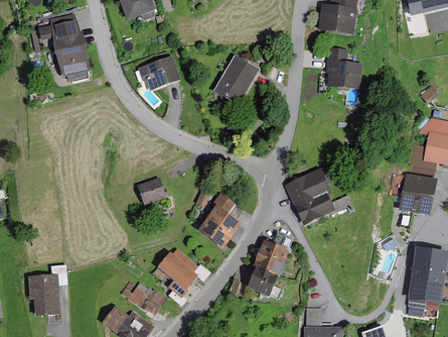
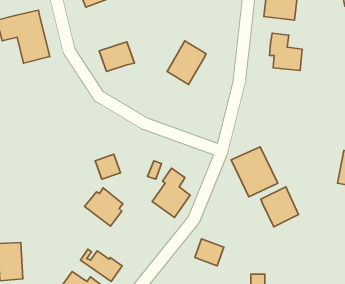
building: none -> [261,187,299,227]
building: [253,242,287,278] -> none
building: [157,248,198,290] -> [85,188,123,226]

